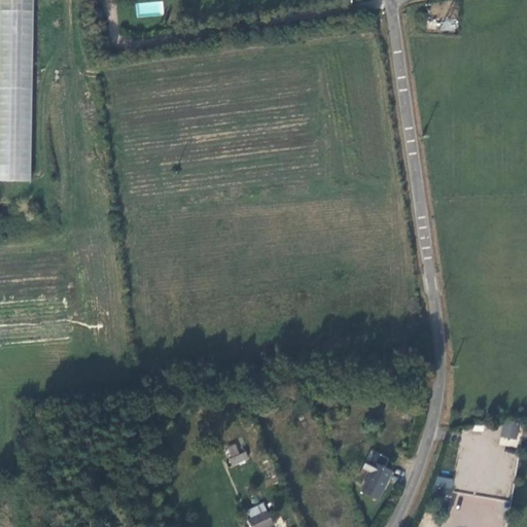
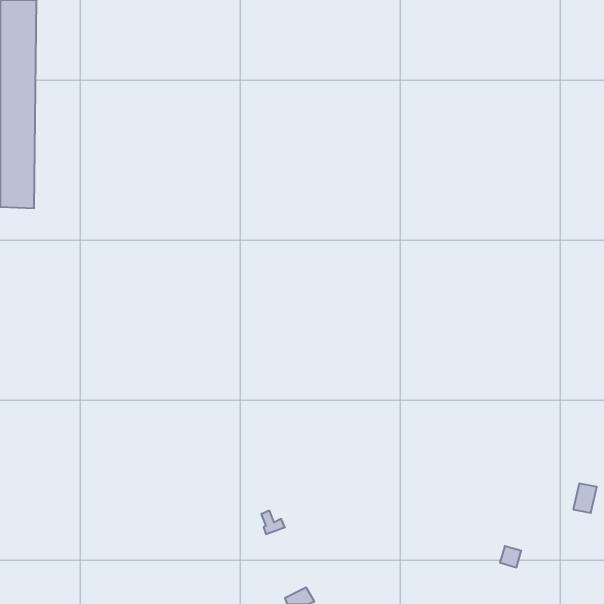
building: [361,450,391,499] -> none

